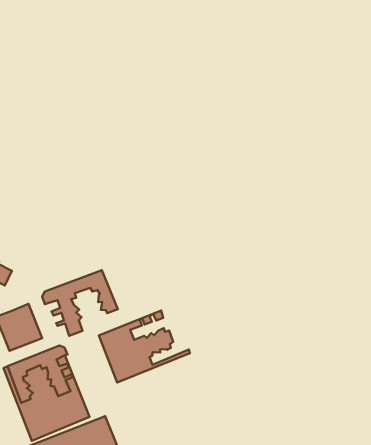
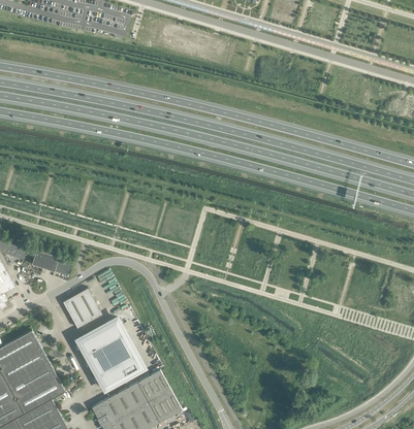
building: [42,270,118,336] -> none
building: [99,310,190,383] -> none

